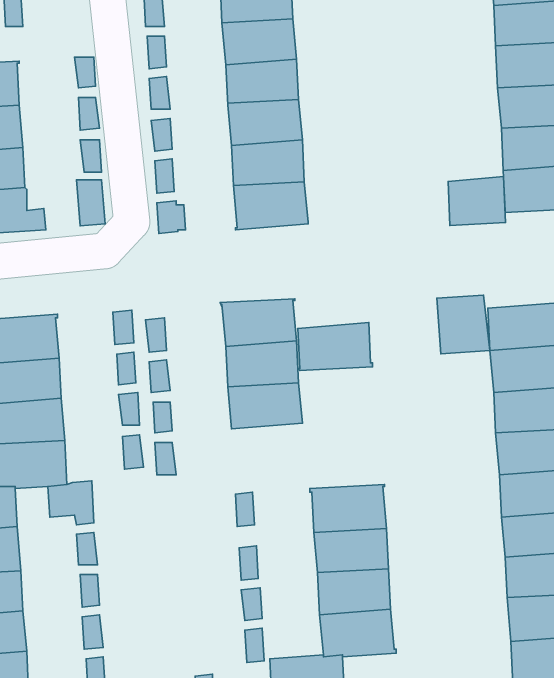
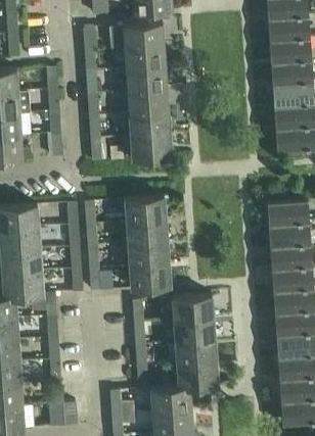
building: [448,177,506,225] -> none
building: [437,295,490,354] -> none
building: [298,323,373,371] -> [130,262,170,288]

